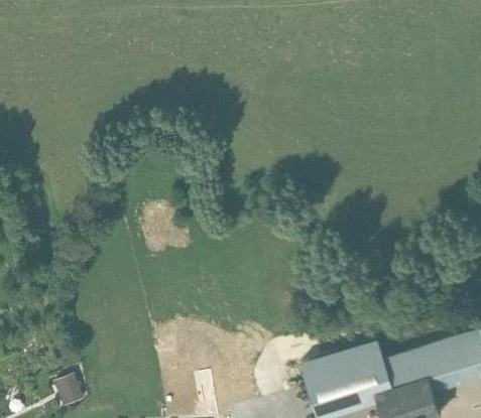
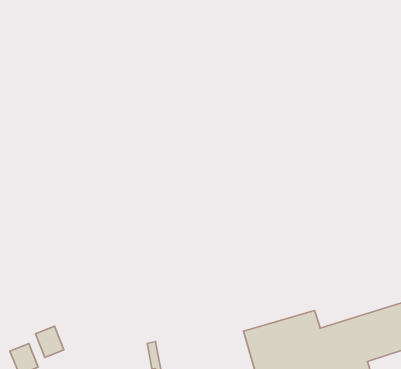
building: none -> [35,326,64,357]

